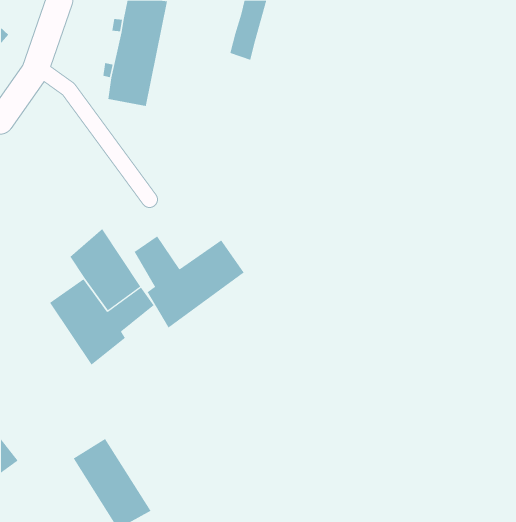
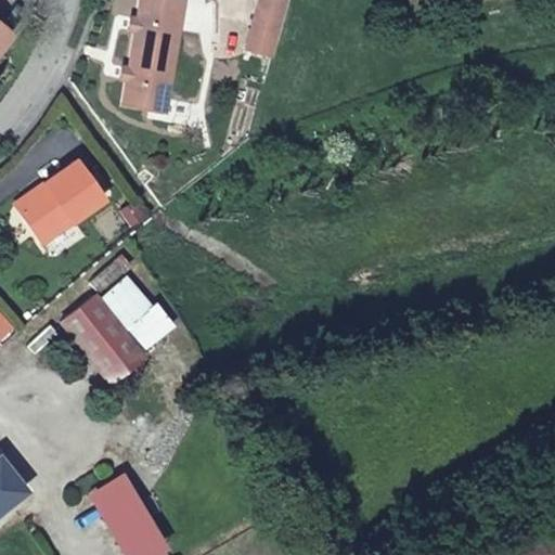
building: none -> [21,158,106,243]
building: [134,235,245,328] -> none

